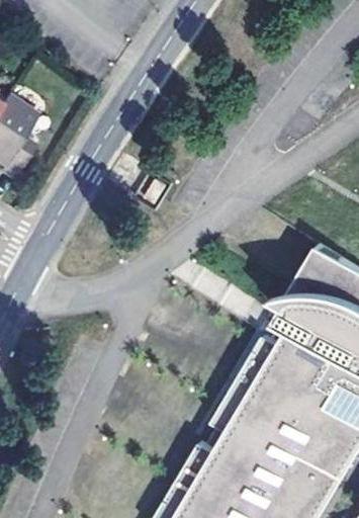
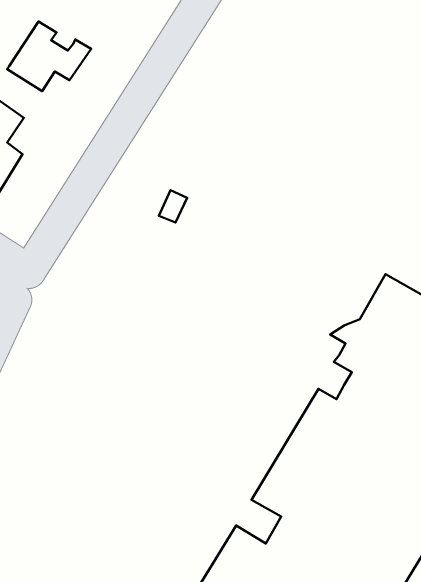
building: none -> [7,22,91,91]

